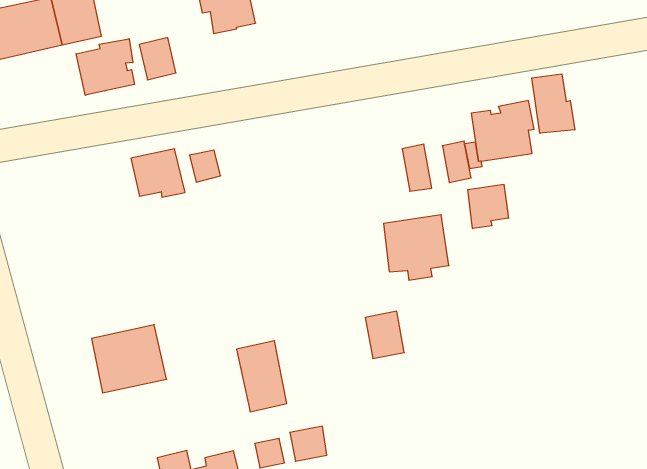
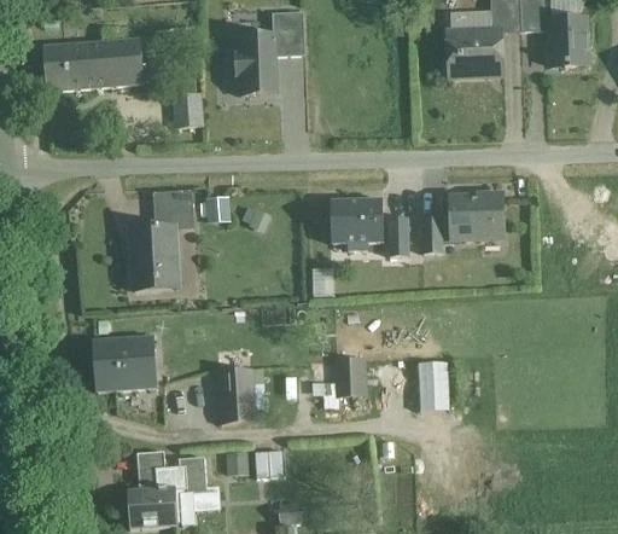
building: [76,39,135,95] -> none
building: [532,74,575,133] -> none
building: [468,184,509,229] -> none
building: none -> [130,224,177,291]
building: [384,215,449,280] -> [330,197,381,249]
building: none -> [419,360,450,407]

